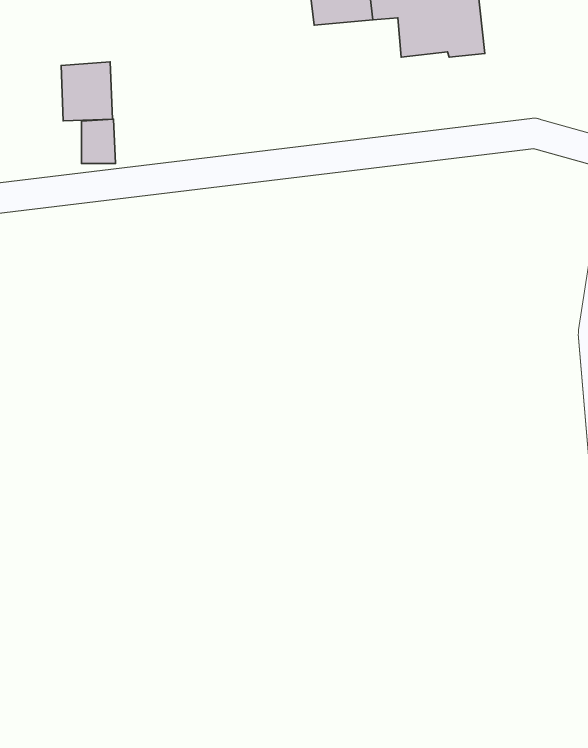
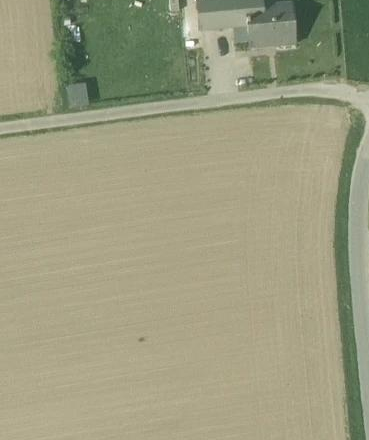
building: [61,62,113,121] -> none

